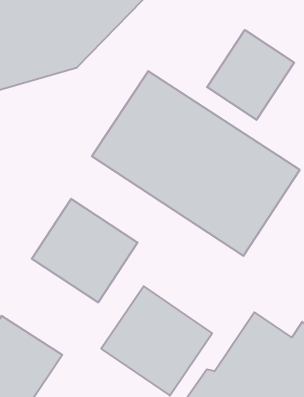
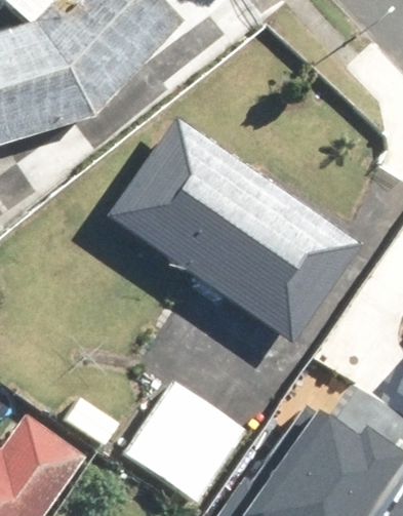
building: [207,30,294,120] -> none
building: [32,199,138,303] -> none

